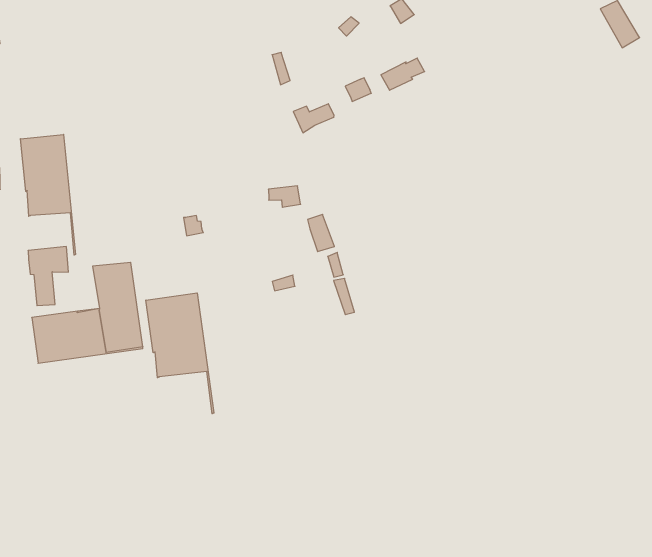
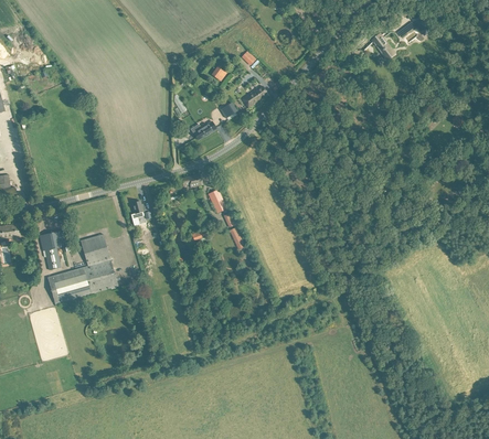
building: [20,134,76,255] -> none
building: [146,293,214,414] -> none

